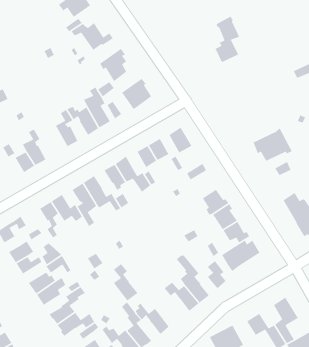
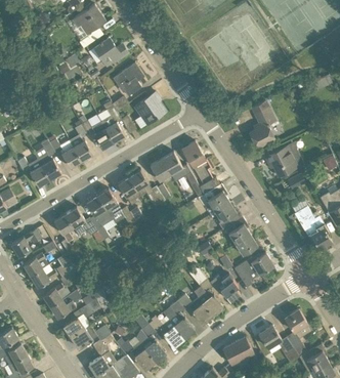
building: [214,15,240,63] -> [249,99,274,146]
building: none -> [48,138,81,168]
building: none -> [203,183,228,211]
building: [113,263,139,302] -> [168,300,194,338]

